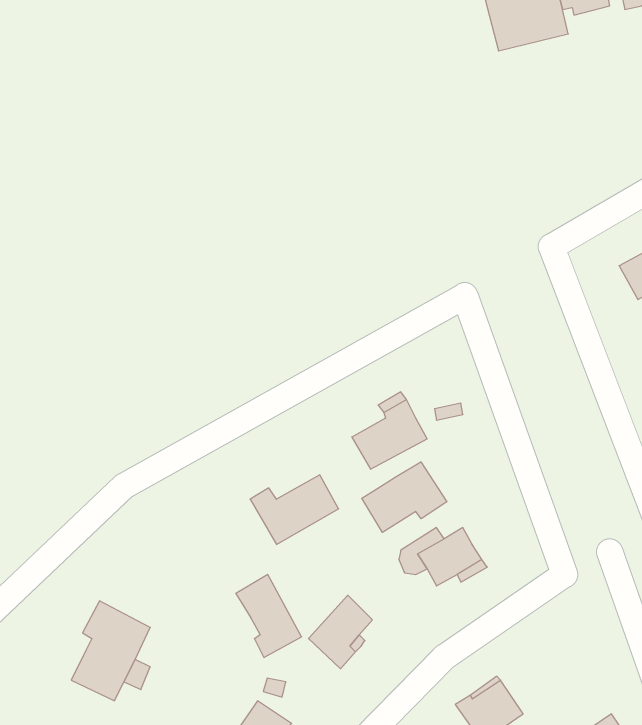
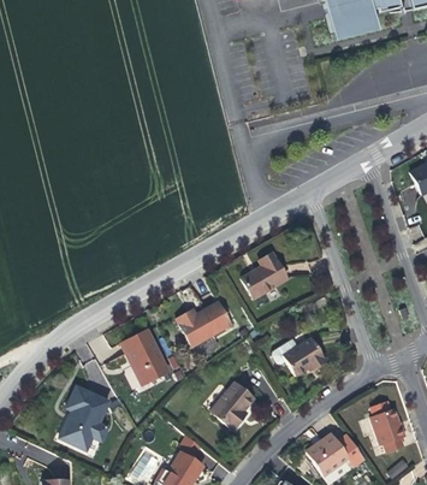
building: [362,462,447,532] -> none
building: [236,575,302,658] -> [125,331,167,384]
building: none -> [372,407,407,453]

